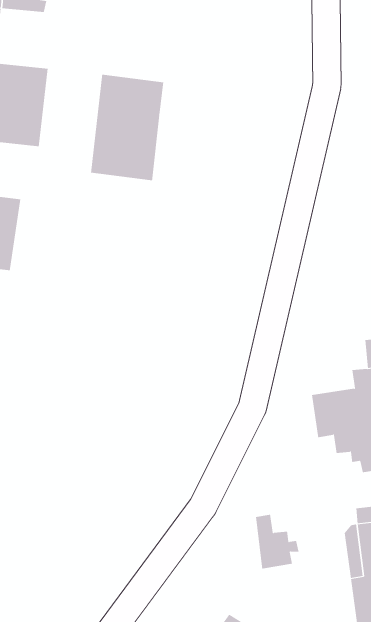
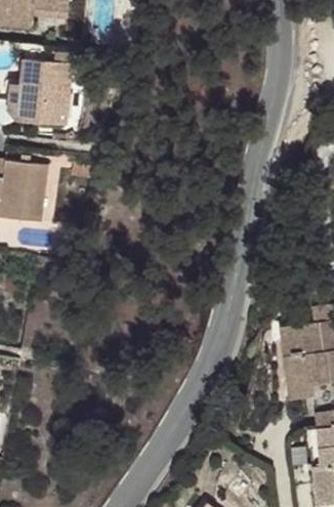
building: [90,74,164,181] -> none
building: [255,514,300,569] -> [283,352,318,395]

